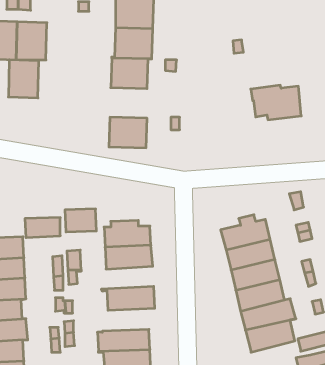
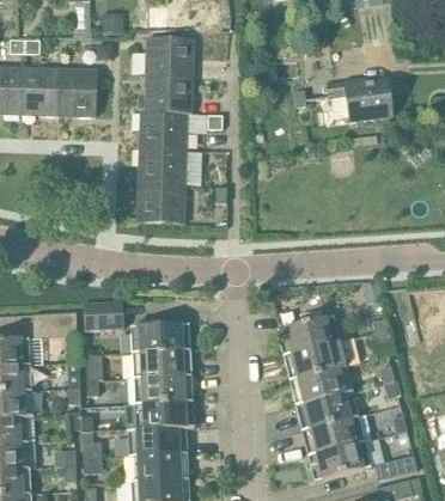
building: [8,60,39,98] -> [59,68,97,116]
building: [251,85,301,120] -> [328,79,391,122]
building: none -> [139,149,185,188]
building: none -> [127,373,194,402]
building: none -> [128,426,195,454]

